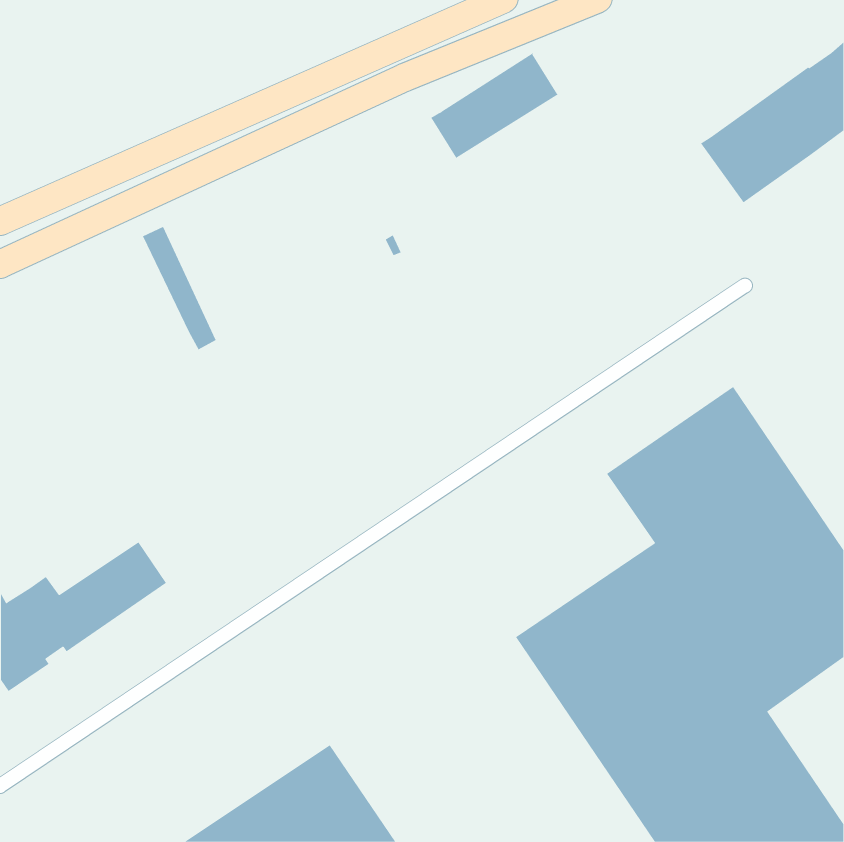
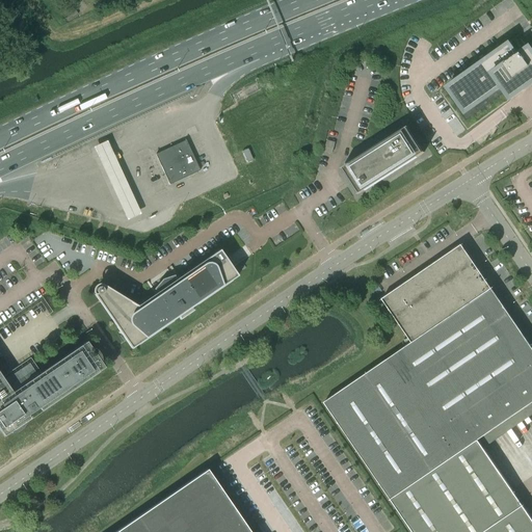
building: [429,53,560,160] -> [342,126,424,193]
building: none -> [155,139,201,184]
building: none -> [94,248,238,348]

